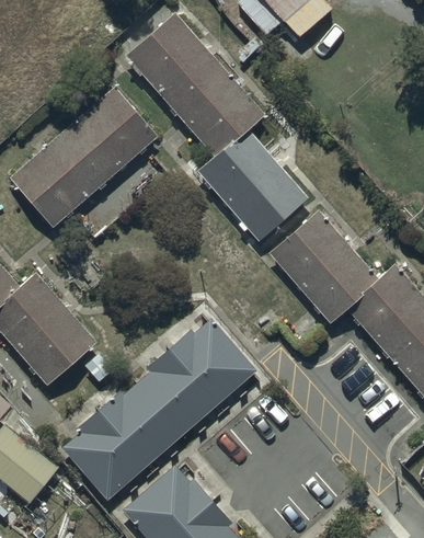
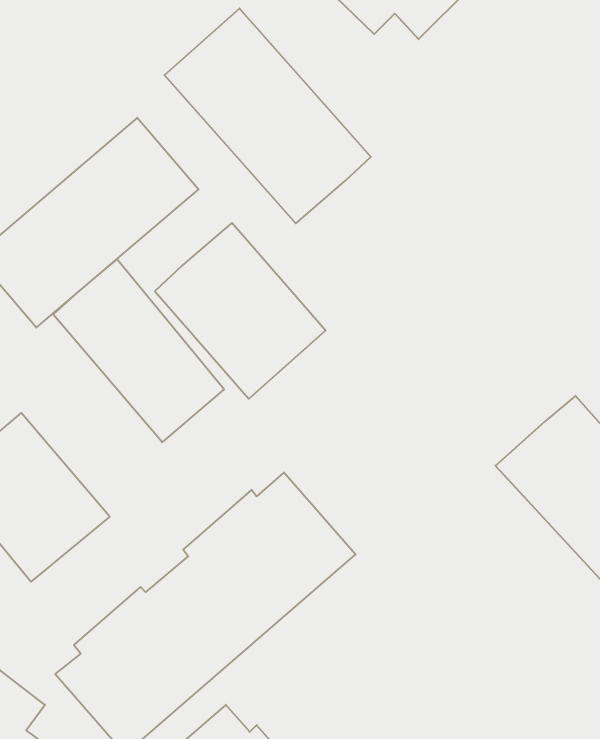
building: [200,129,310,242] -> [155,223,326,399]
building: none -> [53,259,224,442]
building: [270,216,378,327] -> none

